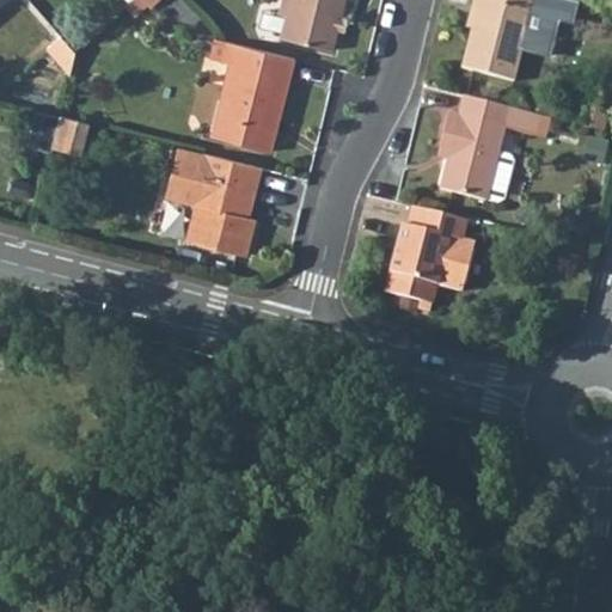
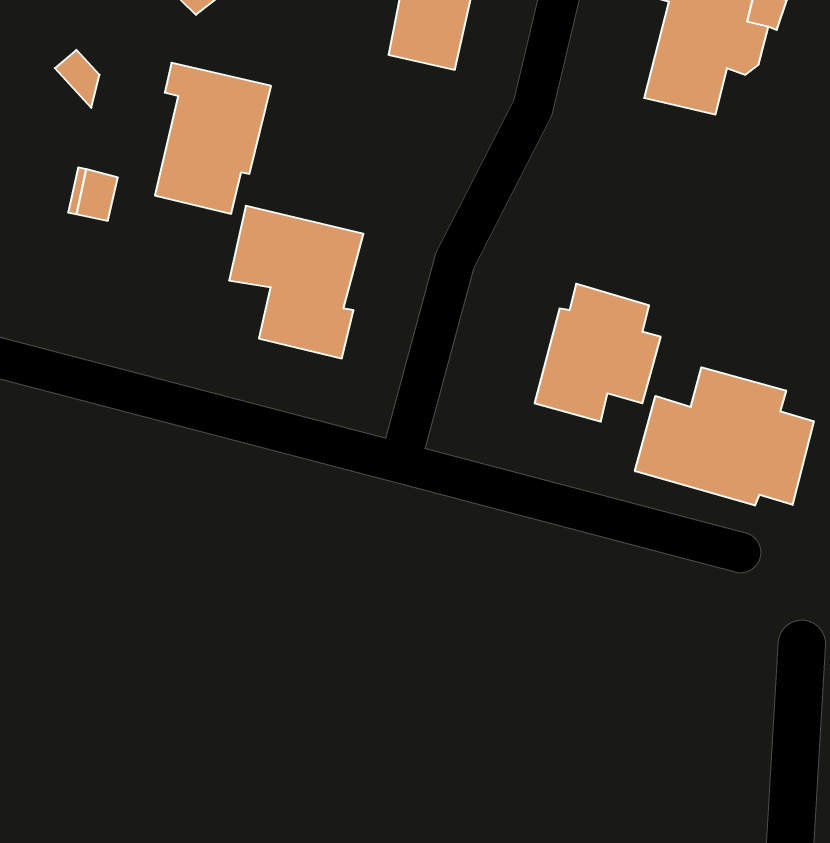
building: [207,42,290,151] -> [155,63,271,214]
building: [440,94,540,195] -> none
building: none -> [635,367,814,506]

